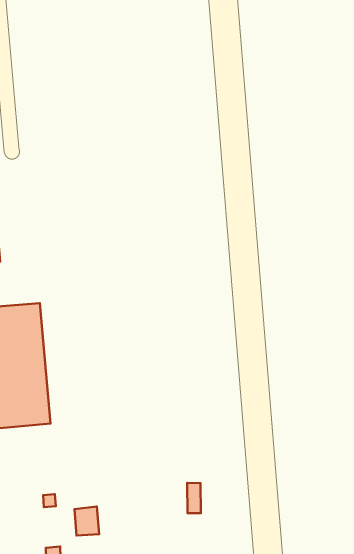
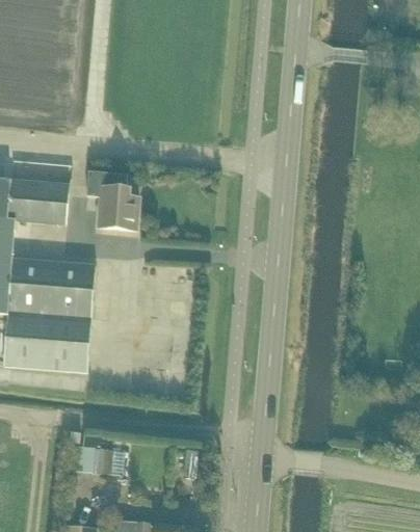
building: none -> [87,171,140,230]

